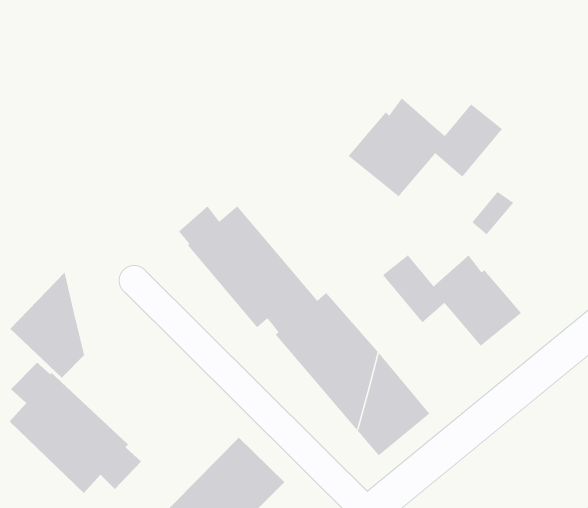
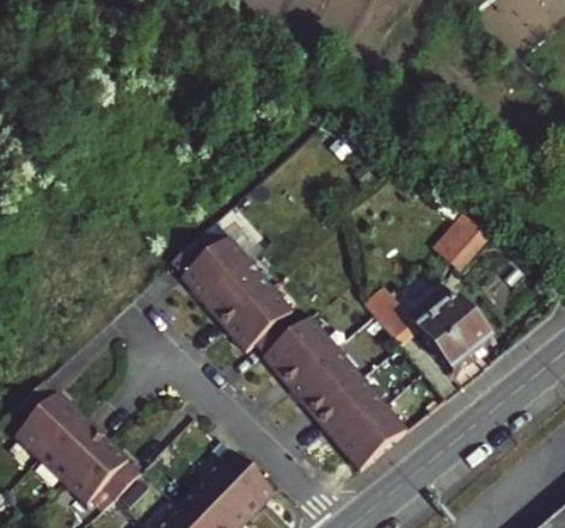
building: [348,98,503,197] -> none
building: [10,271,85,379] -> none

